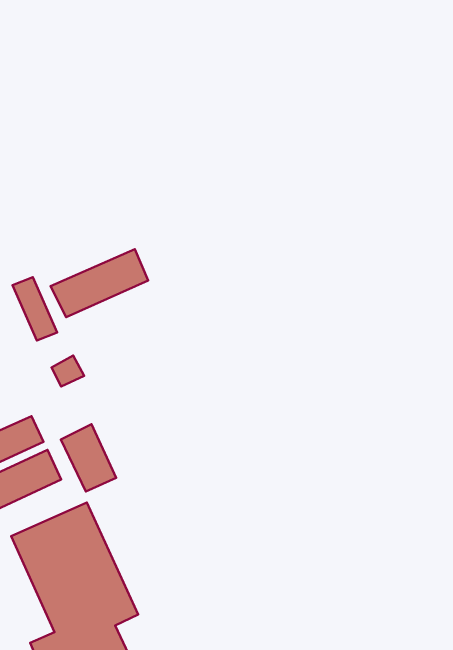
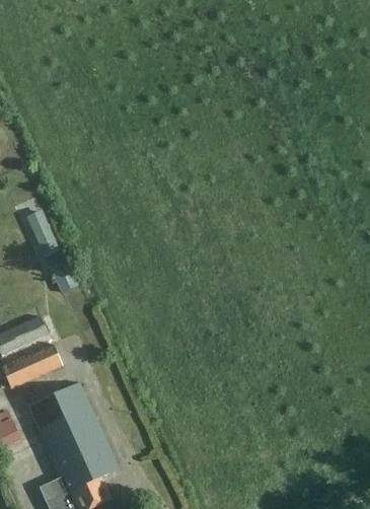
building: [51,249,148,317] -> none
building: [61,424,116,492] -> none

